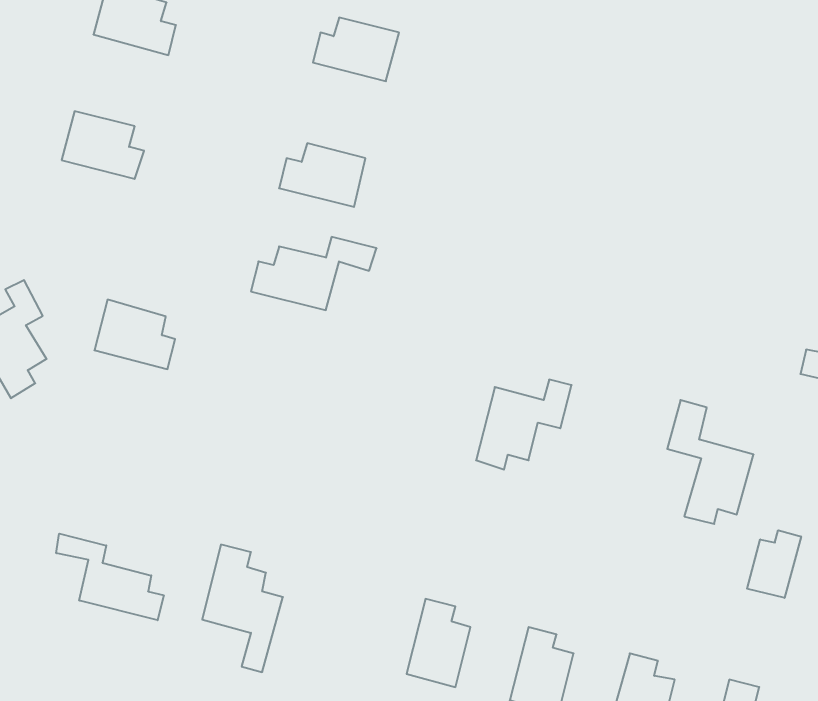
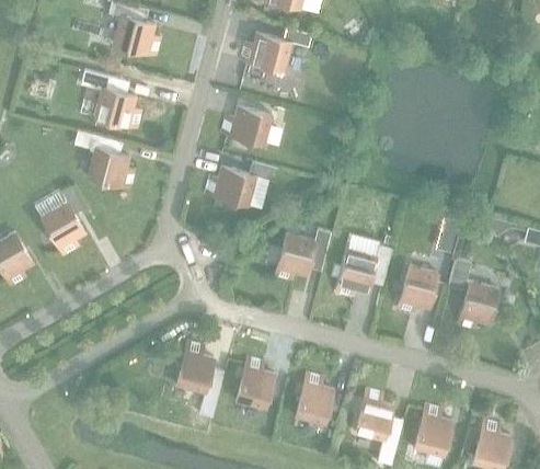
building: [94,300,175,369] -> [88,148,135,188]
building: none -> [275,229,331,282]
building: none -> [398,266,438,313]
building: [747,530,801,598] -> none
building: [56,534,164,620] -> none
building: none -> [237,358,274,409]

